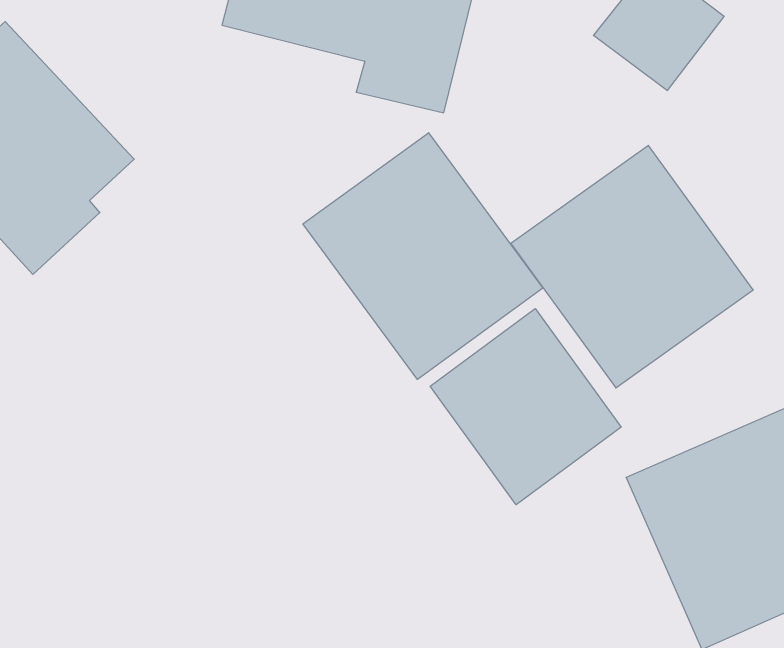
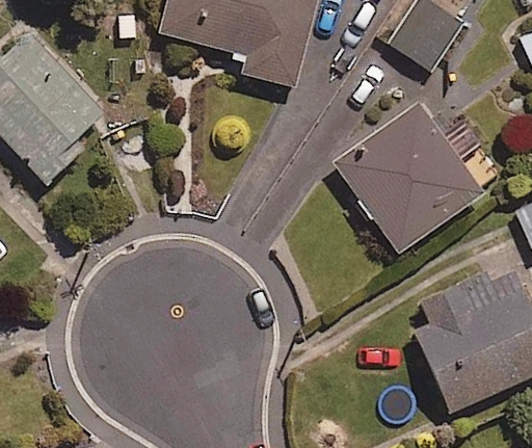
building: [303,133,543,379] -> none
building: [430,309,621,505] -> none

